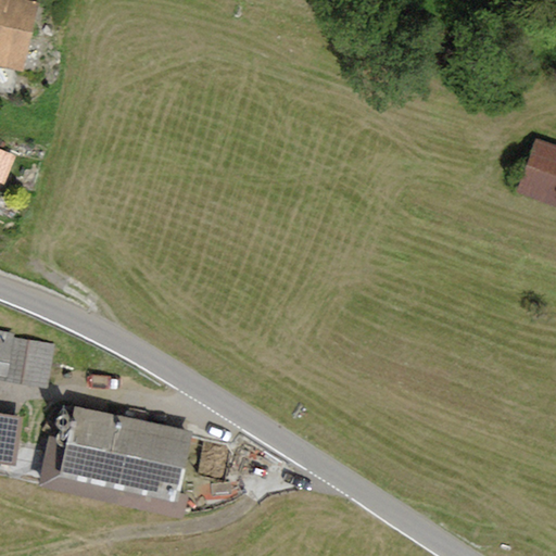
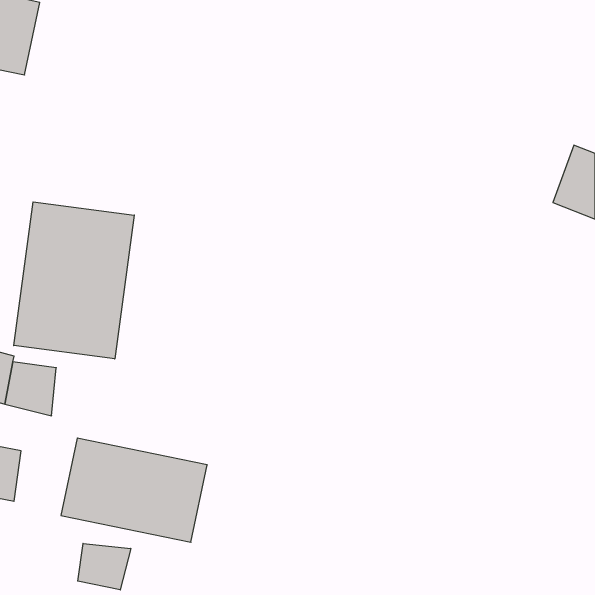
building: none -> [14,202,134,359]
building: none -> [78,543,131,590]

